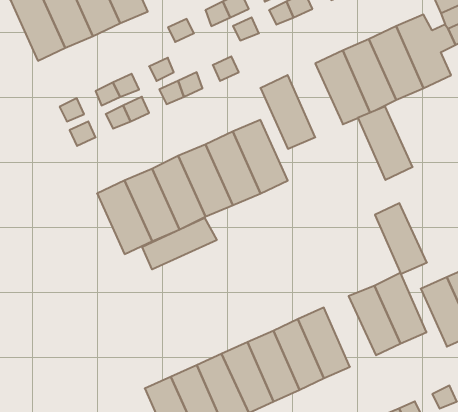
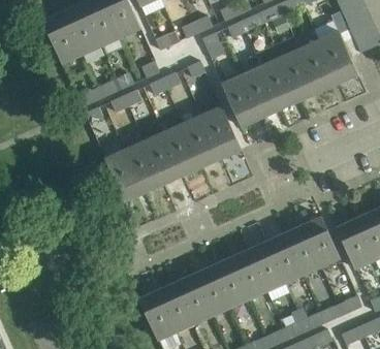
building: [358,106,413,180] -> [241,65,280,118]
building: [375,203,427,274] -> [266,231,304,282]
building: [142,218,217,269] -> none

